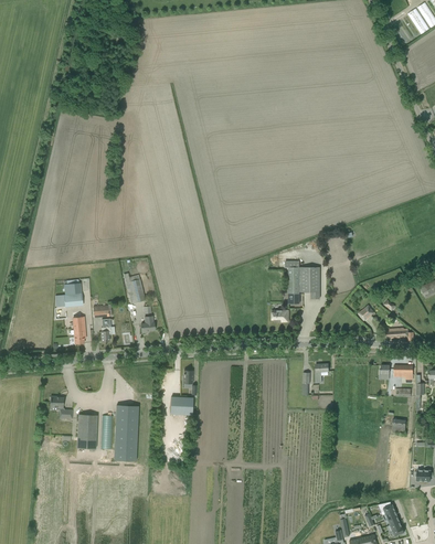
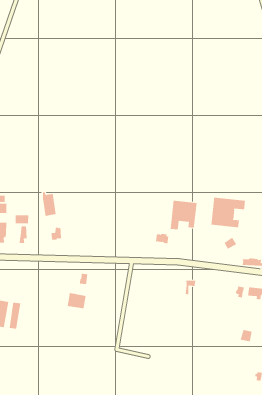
building: none -> [211,197,245,228]
building: [114,405,138,461] -> none

